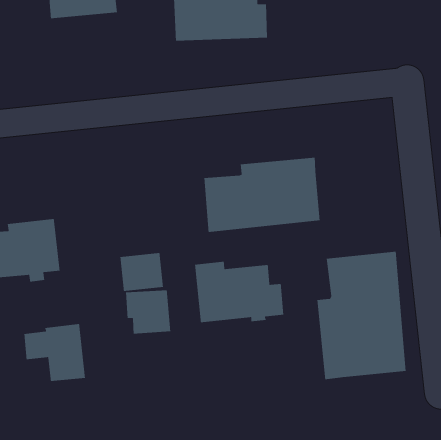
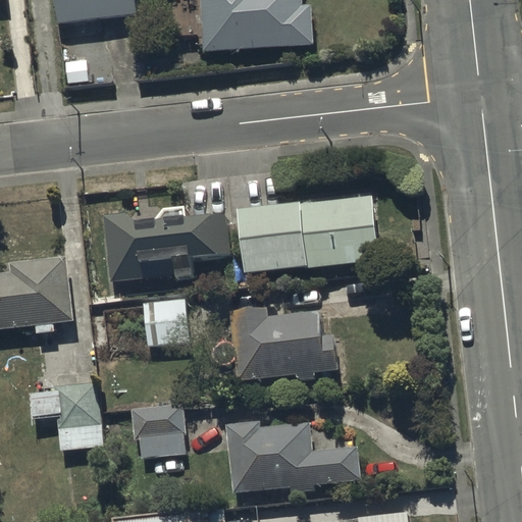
building: none -> [102,207,226,279]
building: [316,251,406,380] -> none
building: [125,289,171,334] -> [129,403,184,456]
building: none -> [229,422,363,491]

